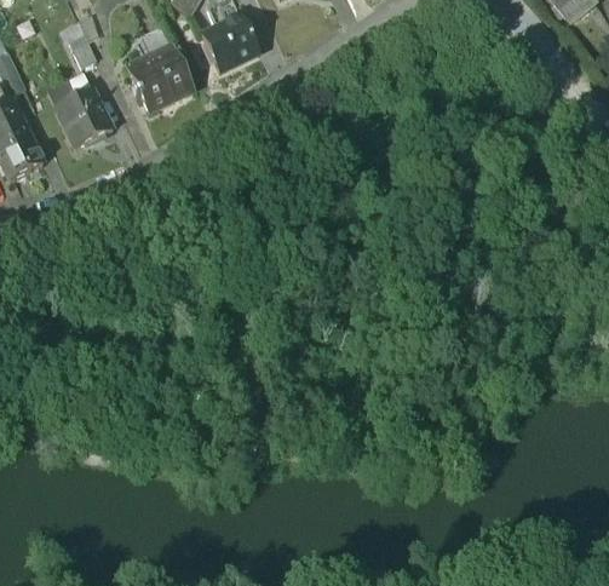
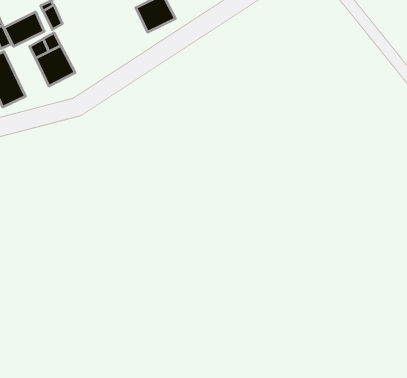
building: none -> [4,12,44,46]
building: [128,50,194,110] -> none

